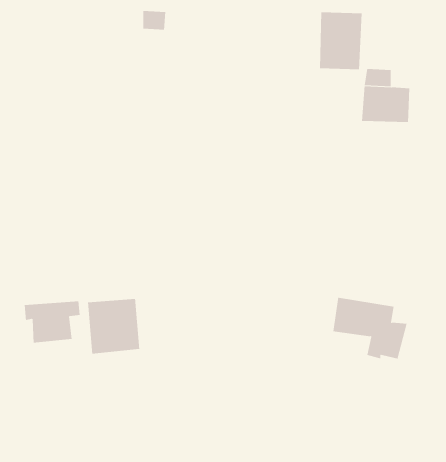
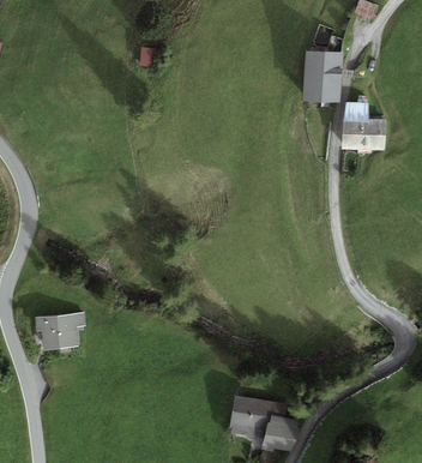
building: [332,297,408,359] -> [229,395,297,451]
building: [87,298,140,355] -> none

